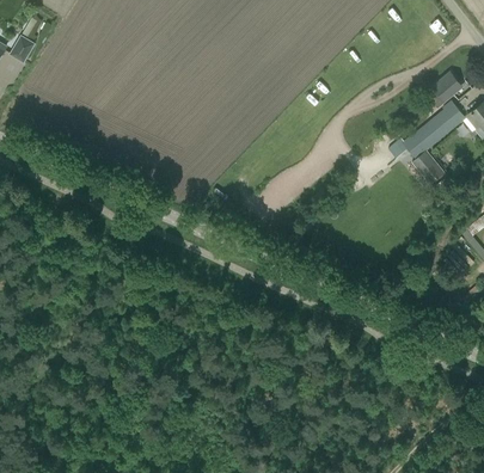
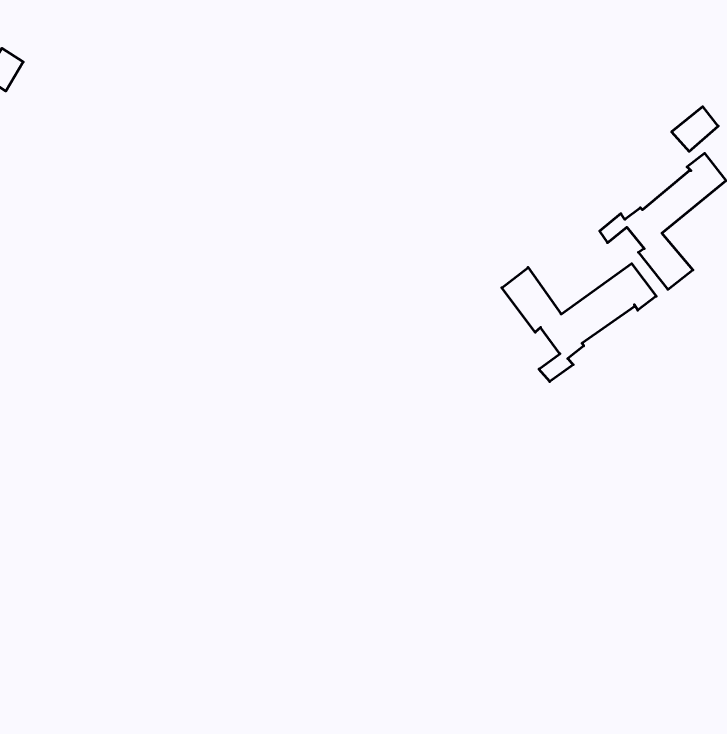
building: none -> [502,264,656,382]

